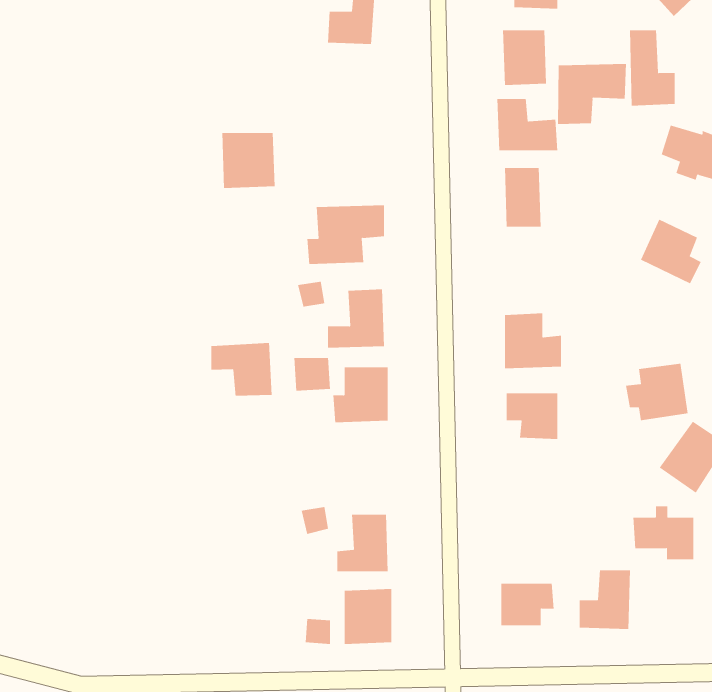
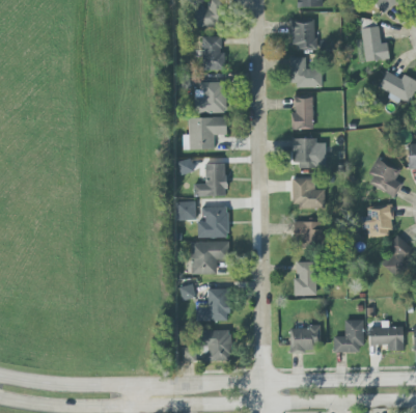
building: none -> [202,36,225,70]
building: [557,63,627,125] -> none
building: [221,133,275,188] -> [196,82,226,113]
building: [640,219,702,284] -> [367,159,401,195]
building: none -> [293,139,325,167]
building: [211,342,272,396] -> none
building: none -> [191,241,229,274]
building: none -> [294,261,316,295]
building: [633,506,694,560] -> [369,321,404,351]

